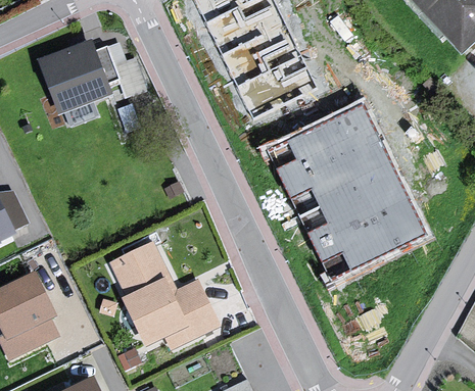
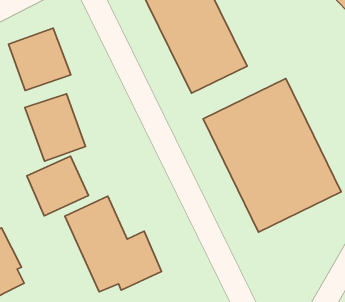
building: none -> [25,94,86,161]
building: none -> [27,156,88,216]

